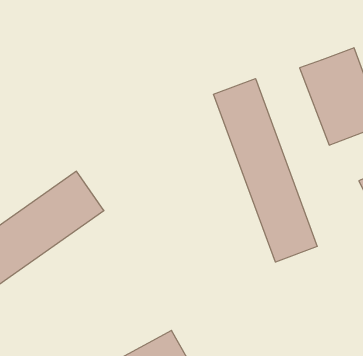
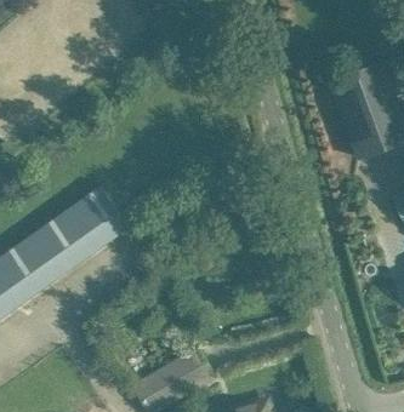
building: [214,79,317,262] -> none

